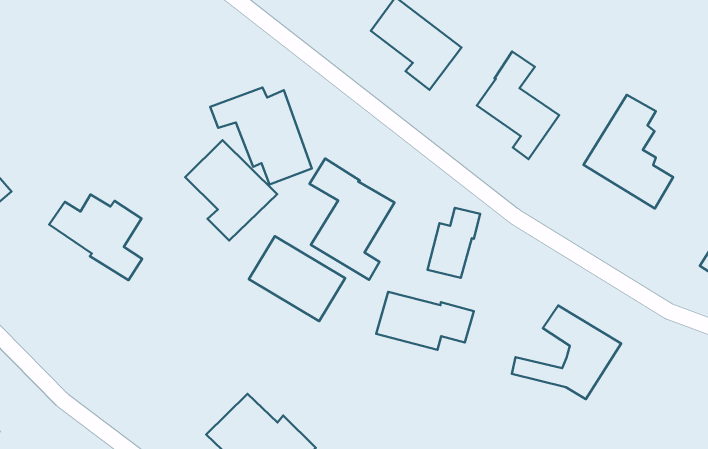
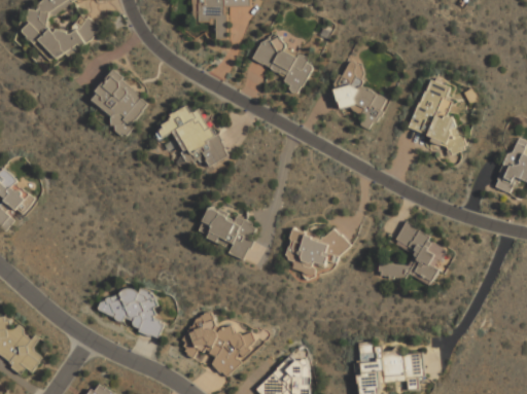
building: [185,140,277,240] -> [87,71,150,137]
building: [309,158,394,280] -> none
building: [49,194,142,280] -> [99,286,164,339]
building: [427,208,480,278] -> none

